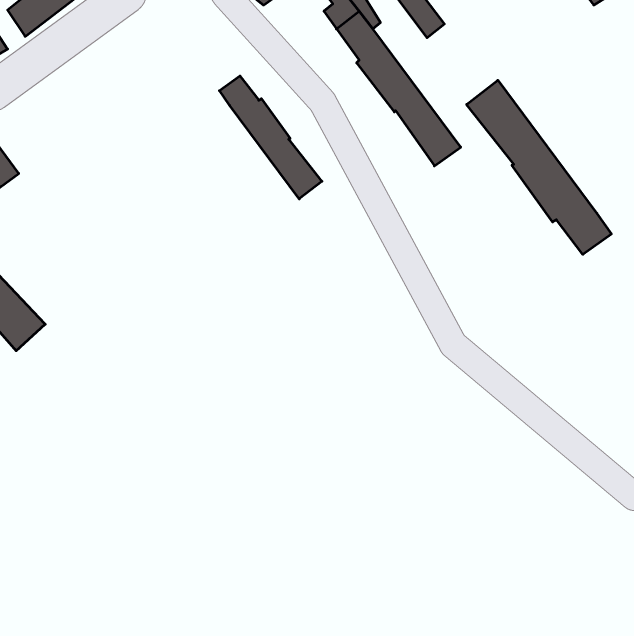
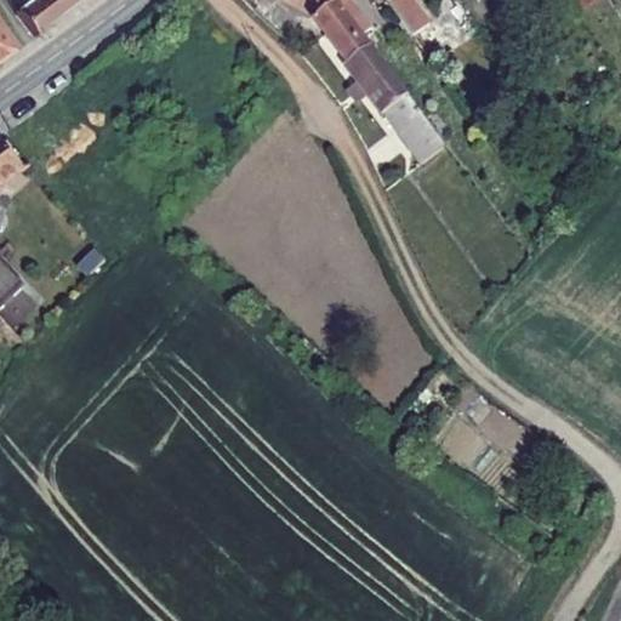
building: [219,76,322,199] -> none
building: [467,80,611,254] -> none

